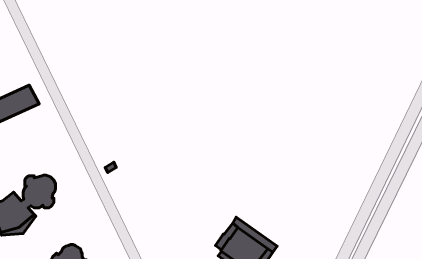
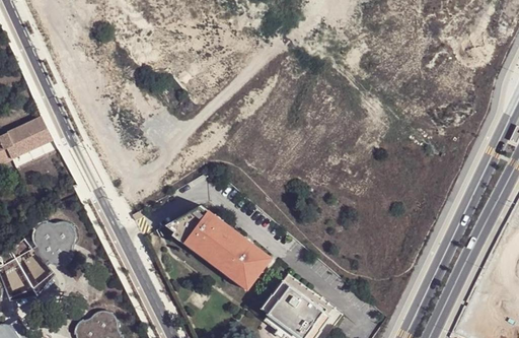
building: none -> [165,207,270,288]

